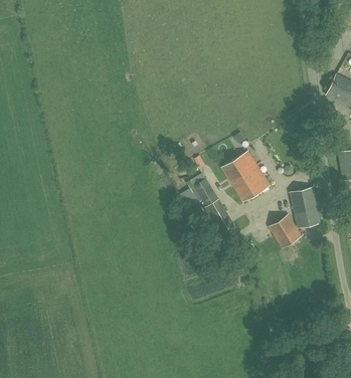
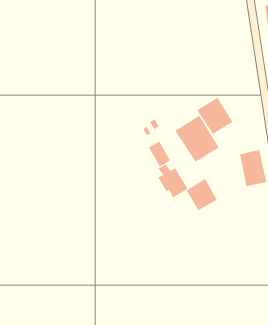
building: none -> [197,97,233,135]
building: [267,213,301,248] -> [186,178,218,211]

